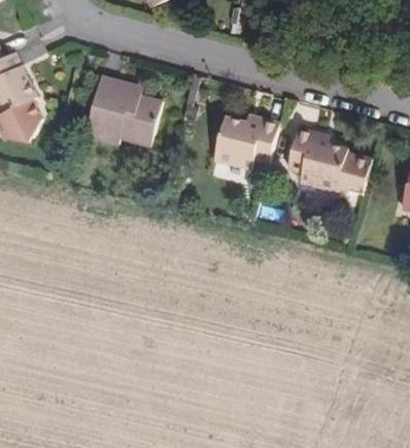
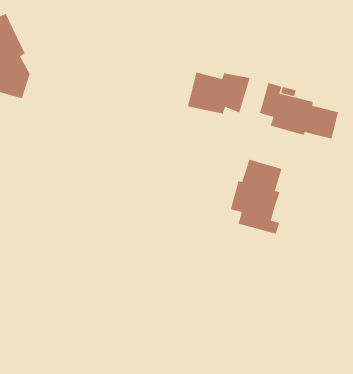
building: [79,71,160,139] -> none
building: none -> [230,159,282,235]

